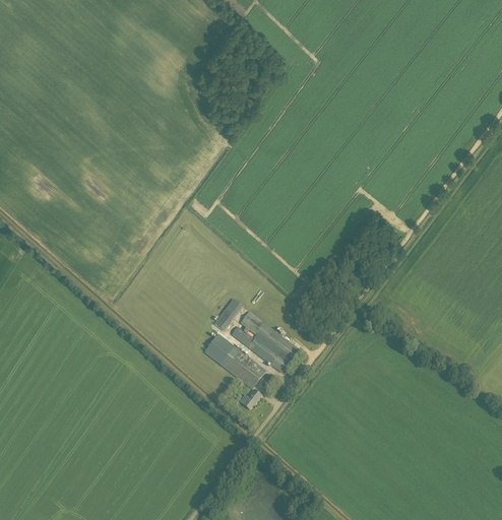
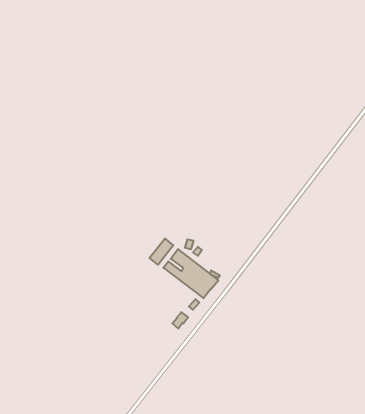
building: [202,333,264,389] -> none

